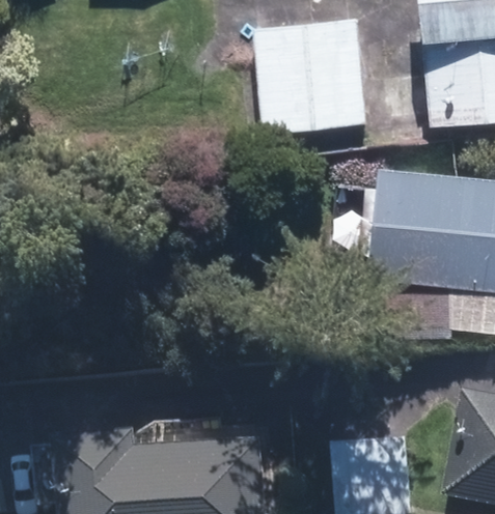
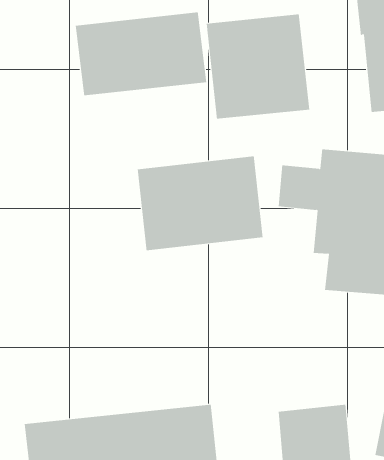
building: none -> [75,12,207,96]
building: none -> [137,155,263,251]

